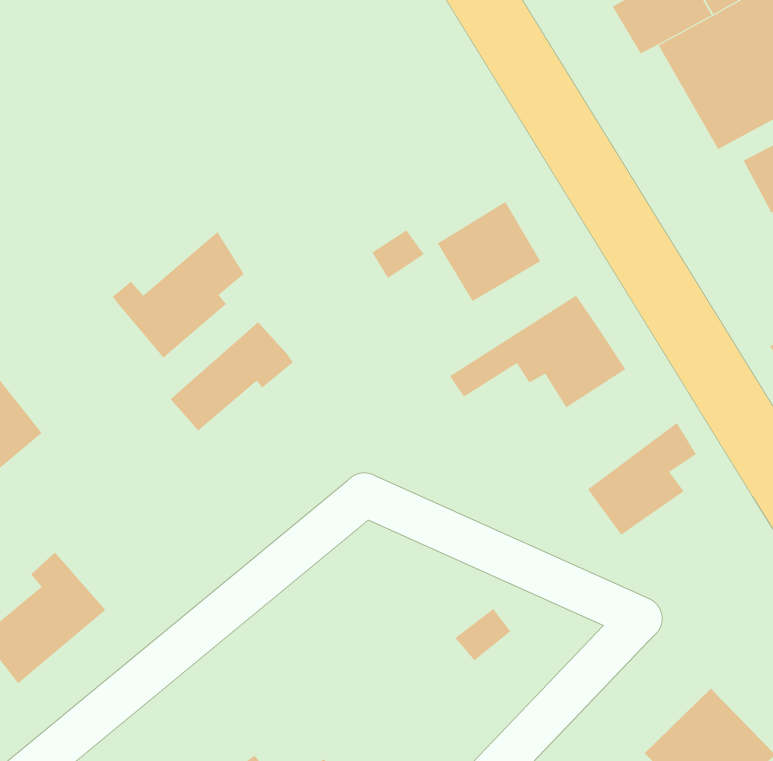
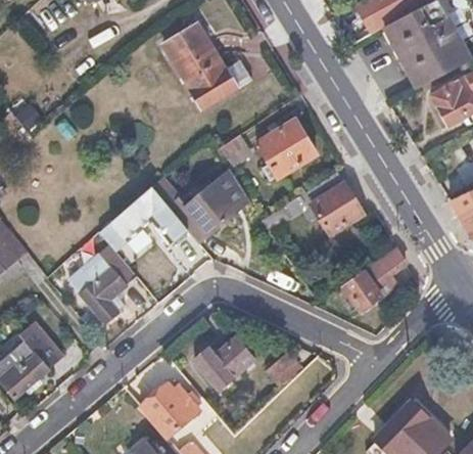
building: none -> [162,26,250,109]
building: [112,231,244,359] -> [169,170,245,243]
building: none -> [72,253,138,323]
building: none -> [193,337,255,390]
building: none -> [138,384,202,438]

